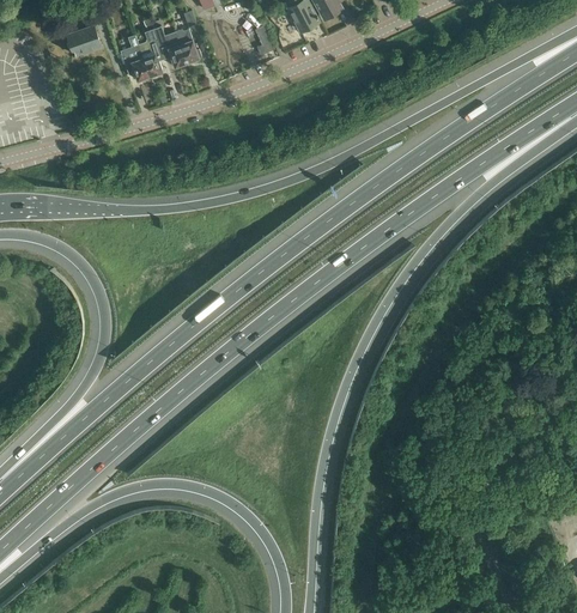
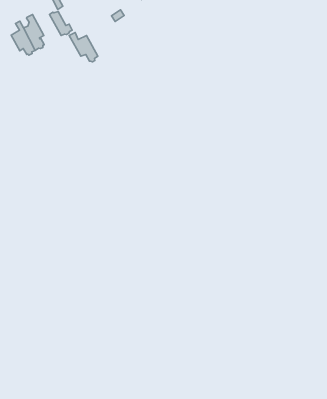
building: [153,26,187,68] -> [69,33,98,62]

